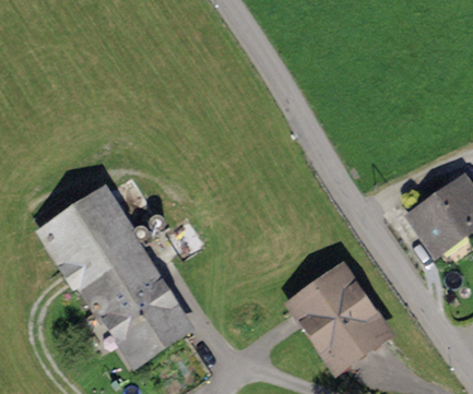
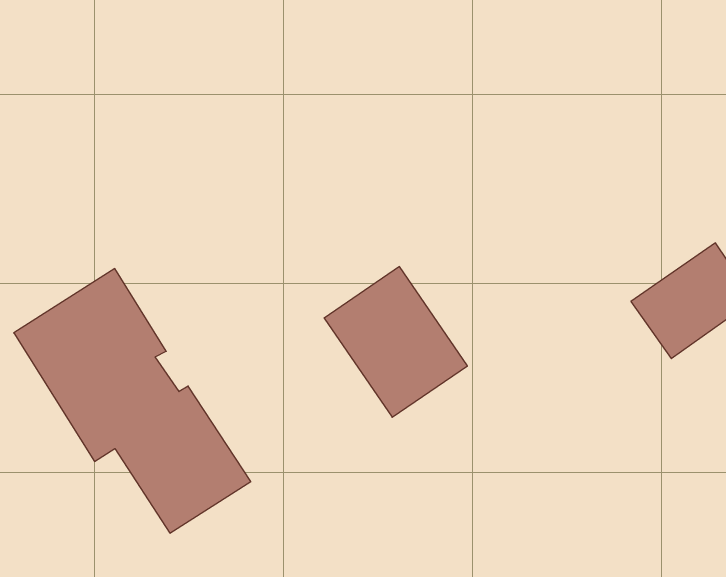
building: [296,268,381,358] -> [324,267,467,417]

